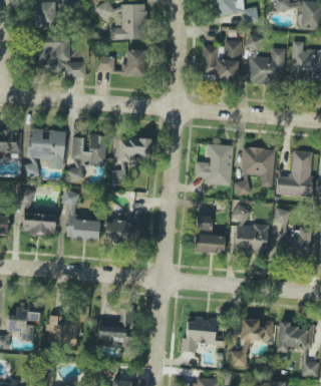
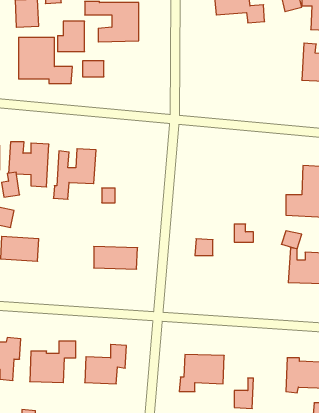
building: [246,34,285,84] -> none
building: [202,39,240,81] -> none
building: [121,49,145,76] -> [58,21,85,52]
building: [119,138,151,161] -> none
building: [195,143,233,184] -> none
building: [235,147,275,194] -> none
building: [62,189,100,241] -> none
building: [236,224,268,253] -> none
building: [194,234,225,253] -> none
building: [242,319,273,339] -> none

